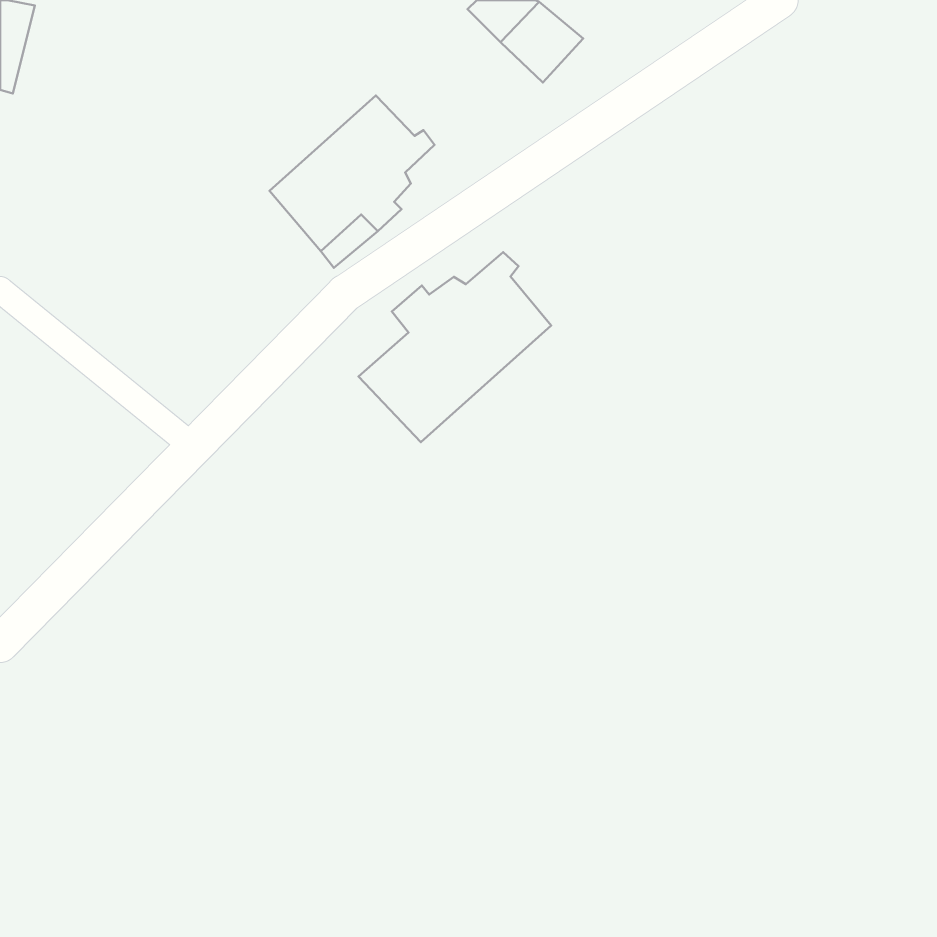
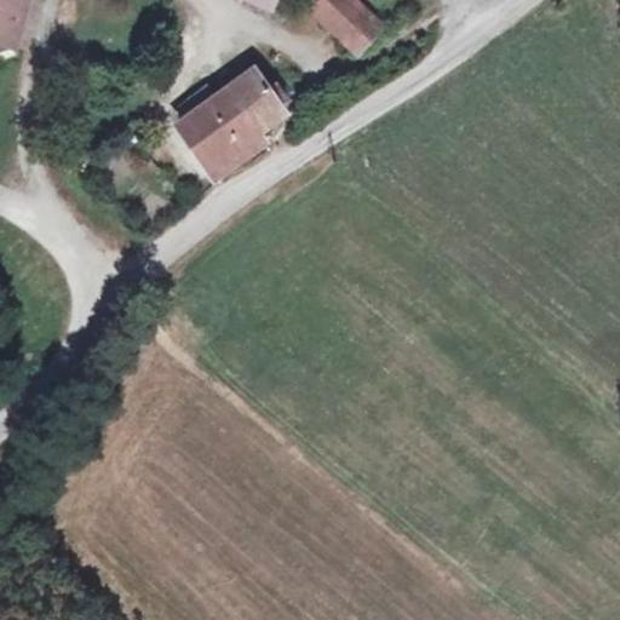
building: [359,252,551,442] -> none

